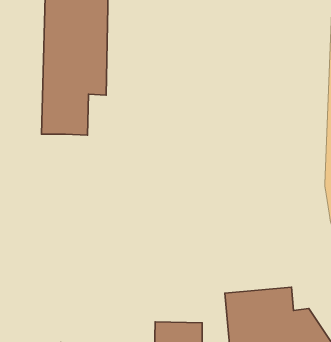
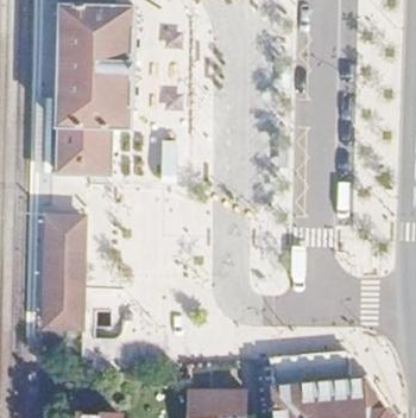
building: none -> [43,216,80,324]

